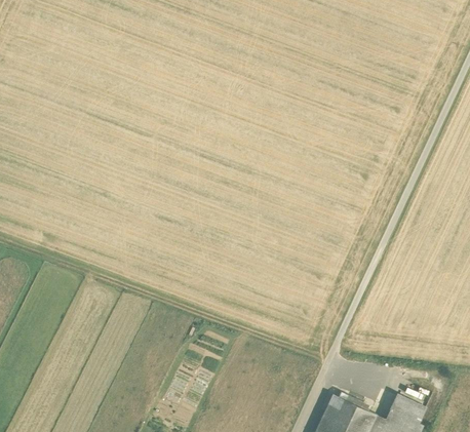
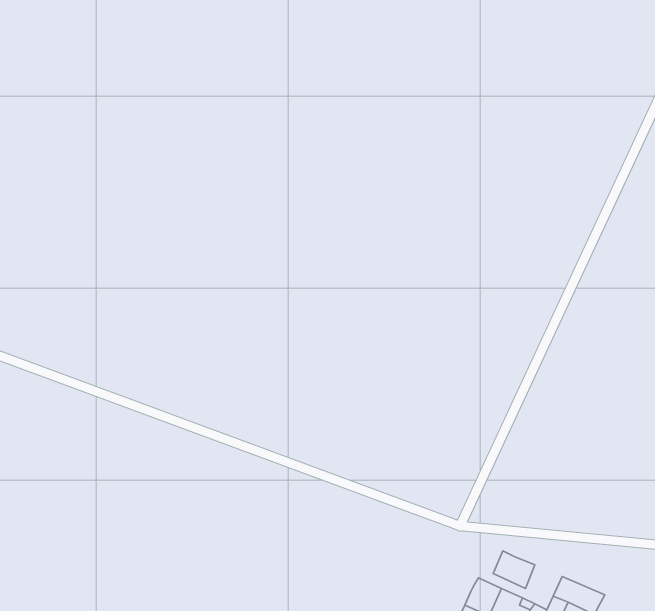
building: none -> [493,551,535,589]

